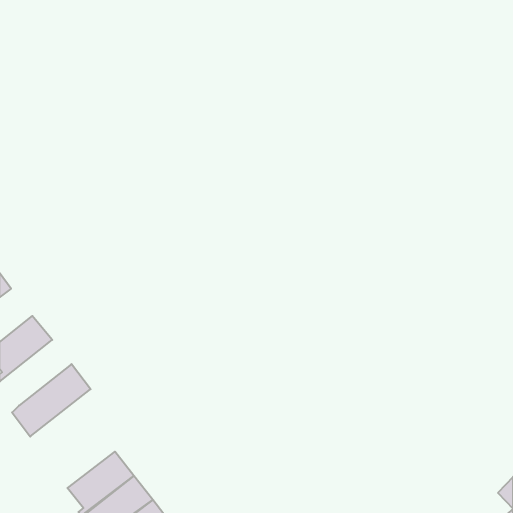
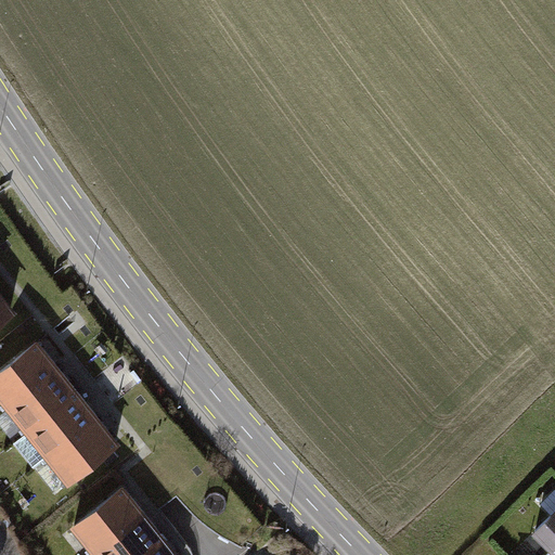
building: none -> [5,367,77,438]
building: none -> [41,420,118,486]

